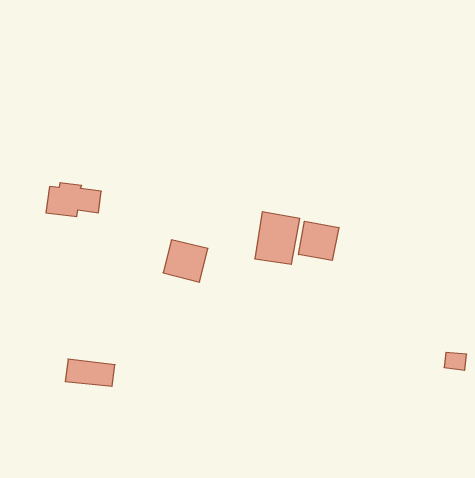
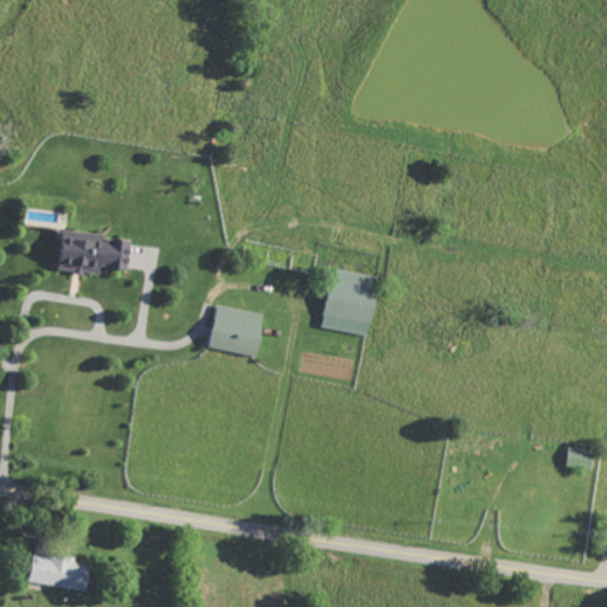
building: [299,221,339,260] -> none
building: [65,359,115,386] -> [26,555,89,589]

